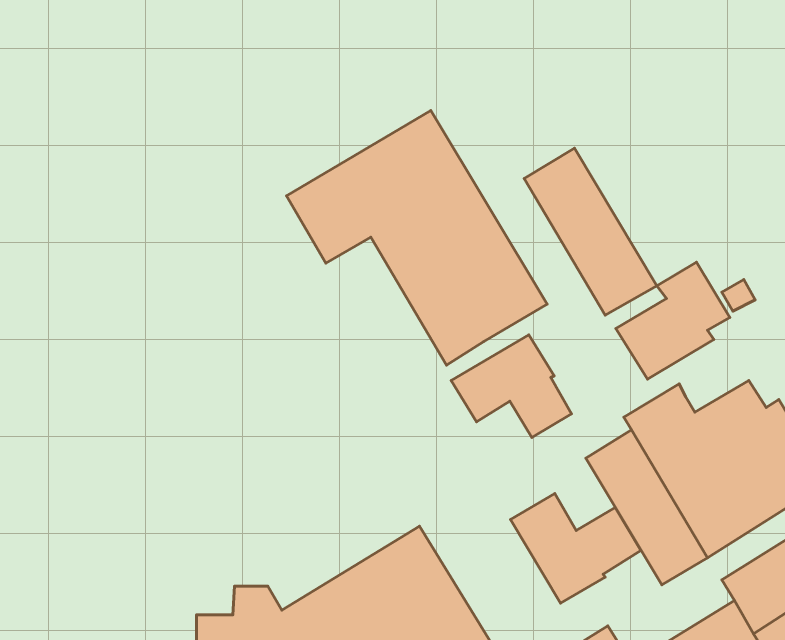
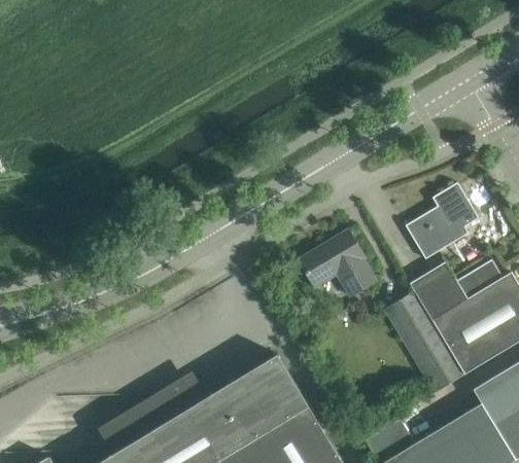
building: [286,111,547,365] -> none
building: [524,148,657,315] -> none
building: [510,494,641,603] -> none

